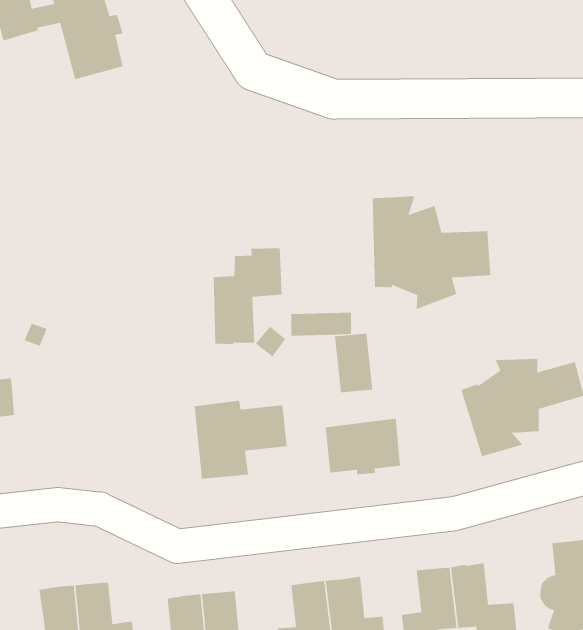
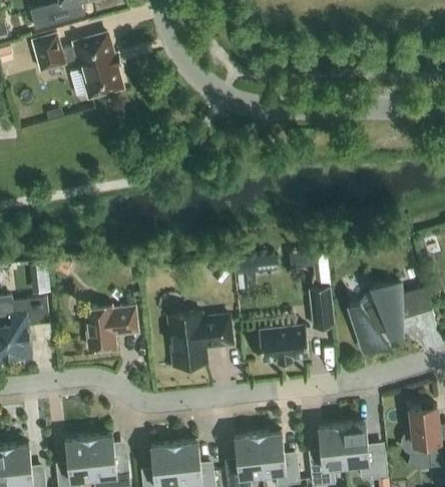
building: [372,196,491,310] -> none
building: [213,247,282,345] -> none
building: [334,333,373,393] -> [309,289,335,329]
building: none -> [84,307,138,350]

